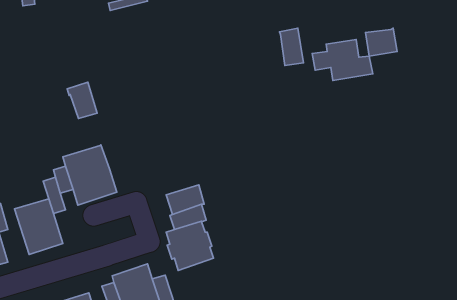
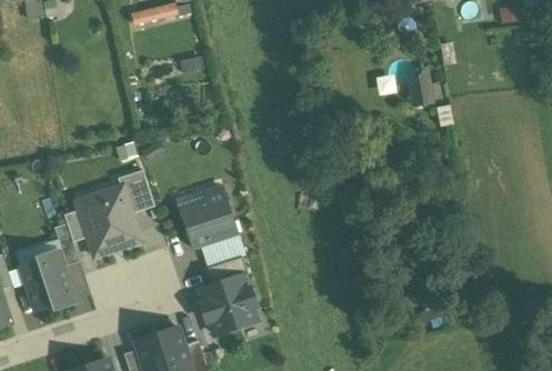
building: [279,28,304,66] -> none
building: [365,28,397,56] -> none
building: [67,82,97,119] -> [119,169,154,212]
building: none -> [180,188,239,245]

